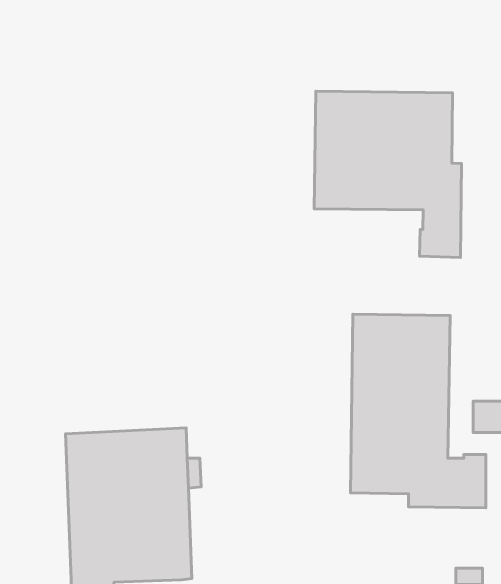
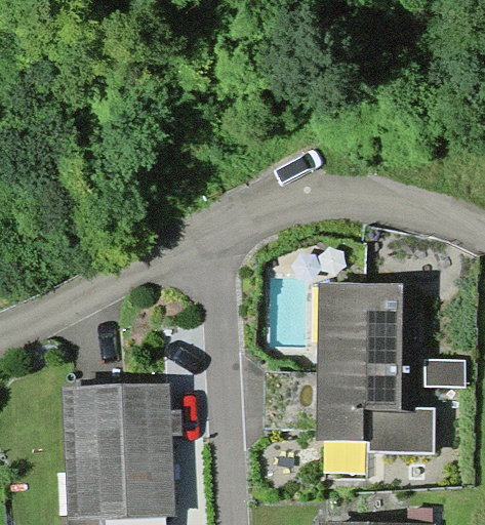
building: [314,91,462,257] -> none

